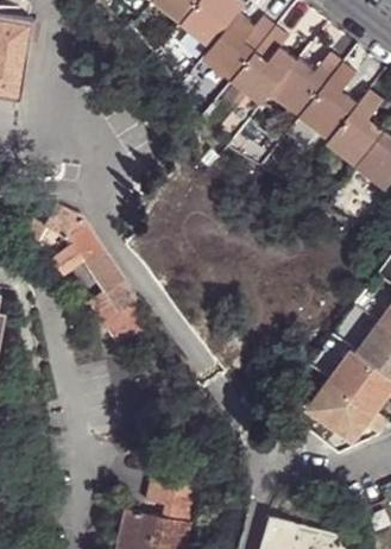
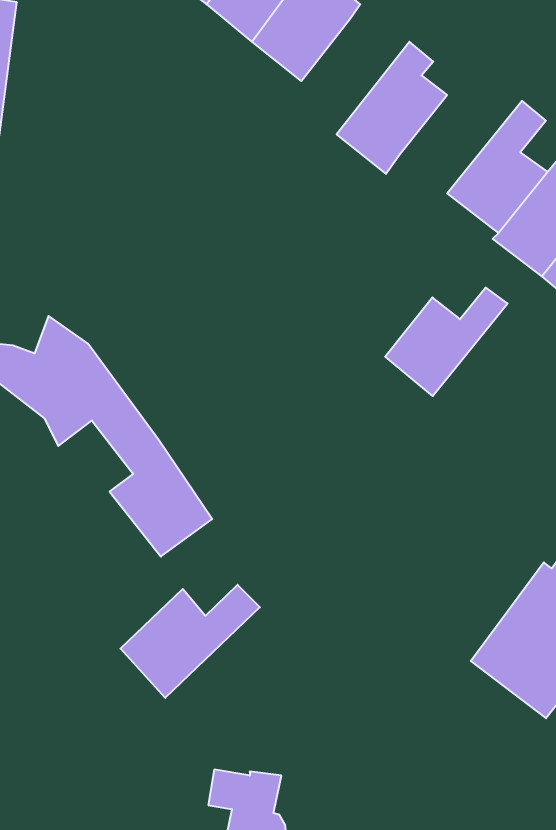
building: [201,18,273,88] -> none
building: [267,58,341,124] -> [385,288,508,396]
building: none -> [120,585,260,698]

